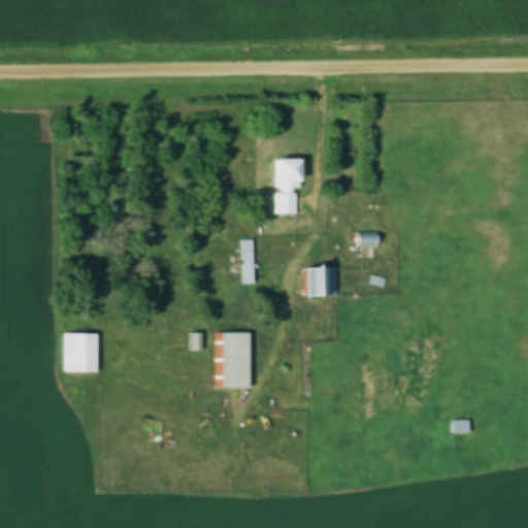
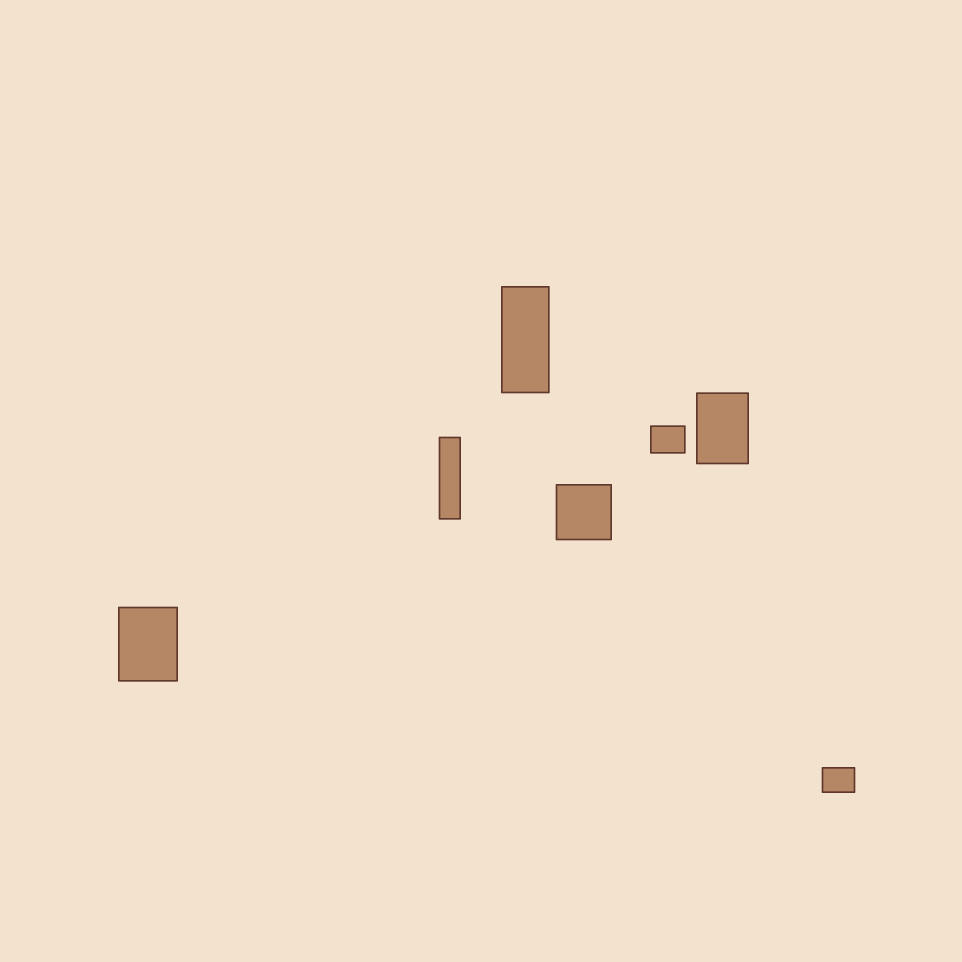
building: none -> [697,393,748,463]
building: [222,331,249,388] -> none

